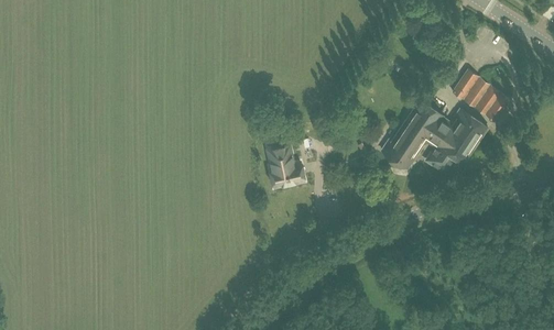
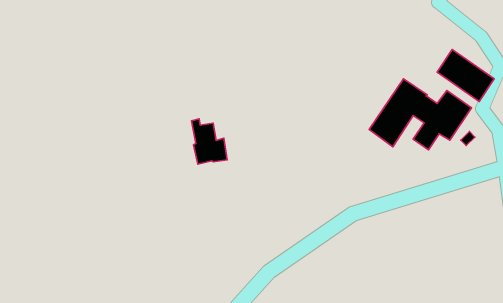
building: [268,143,304,189] -> [191,119,227,164]

